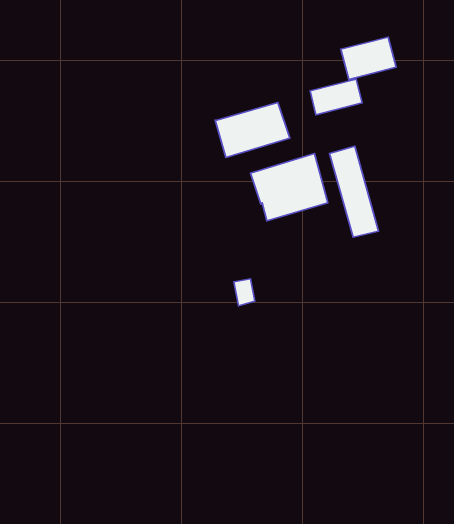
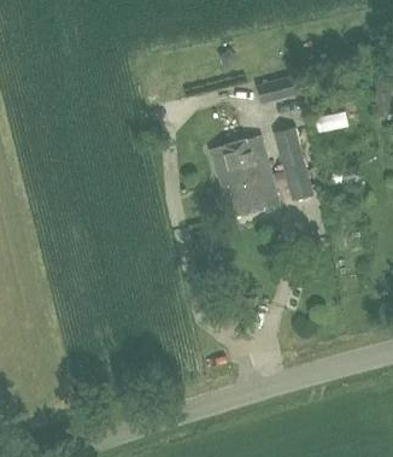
building: [341,37,396,79] -> none
building: [215,102,290,158] -> [221,174,281,218]

